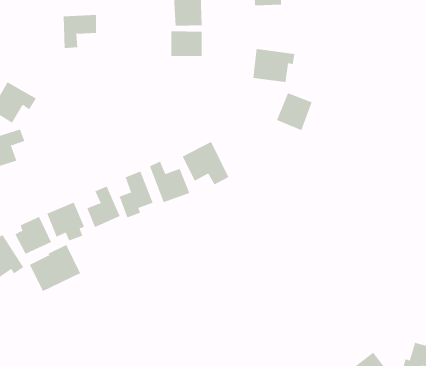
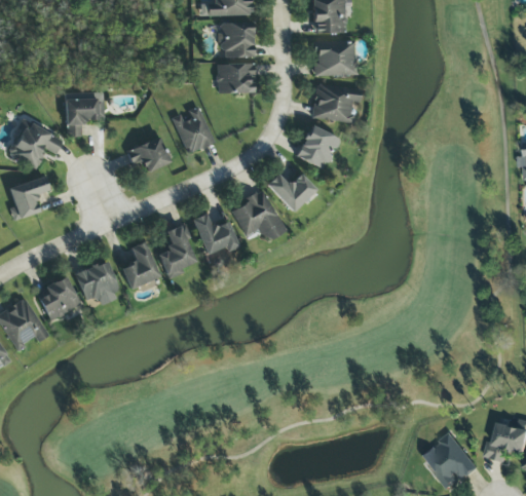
building: none -> [314,40,356,76]
building: [63,14,97,48] -> [66,98,105,137]
building: none -> [173,106,215,154]
building: [276,92,313,131] -> [297,125,339,169]
building: none -> [126,137,171,173]
building: none -> [267,173,316,212]
building: [29,244,81,292] -> none

